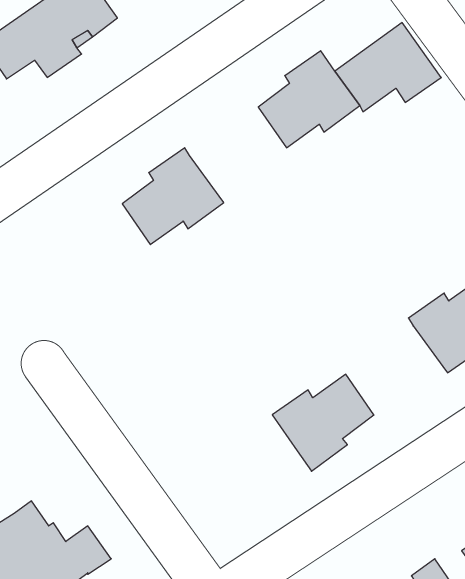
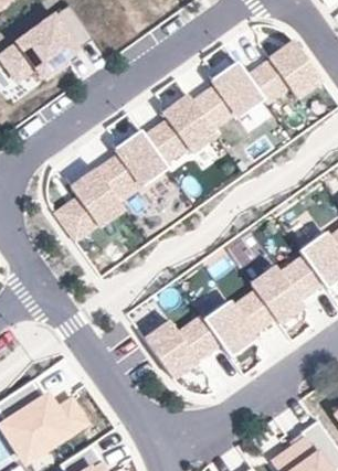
building: none -> [142,97,214,165]
building: none -> [53,171,123,243]
building: none -> [250,257,321,325]
building: none -> [144,317,219,379]

